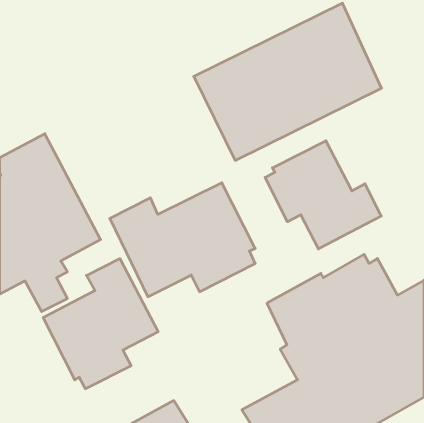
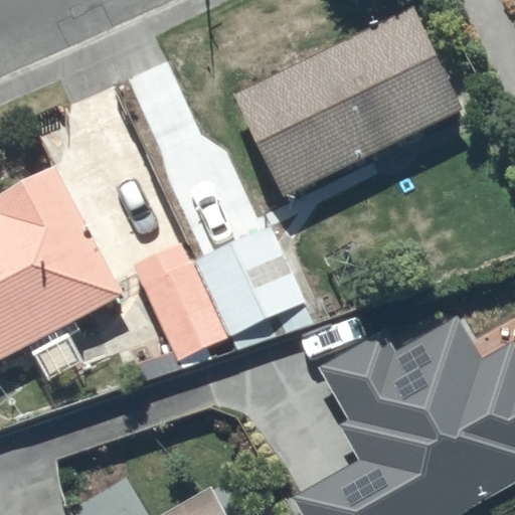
building: [265,141,381,249] -> none
building: [43,259,158,389] -> none

